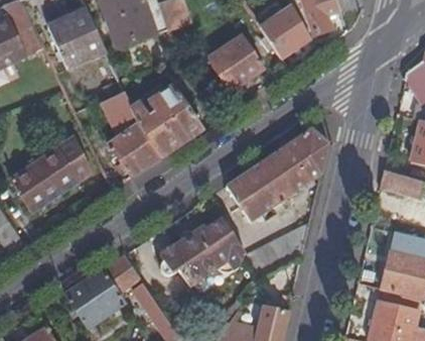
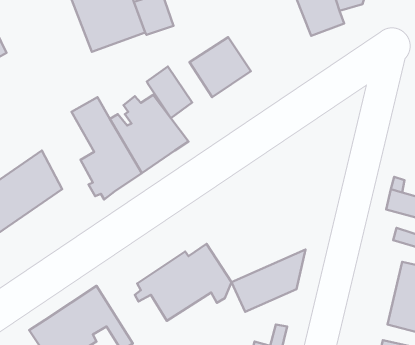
building: [260,7,310,54] -> none
building: [46,12,103,70] -> none
building: none -> [147,67,192,118]
building: [224,129,327,222] -> none

